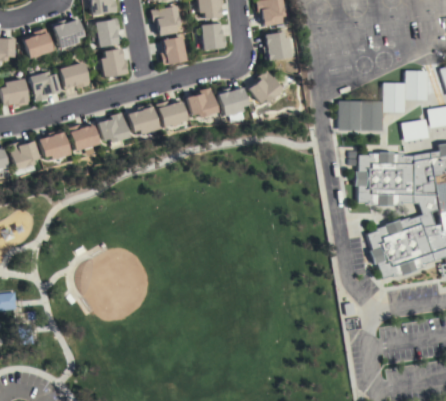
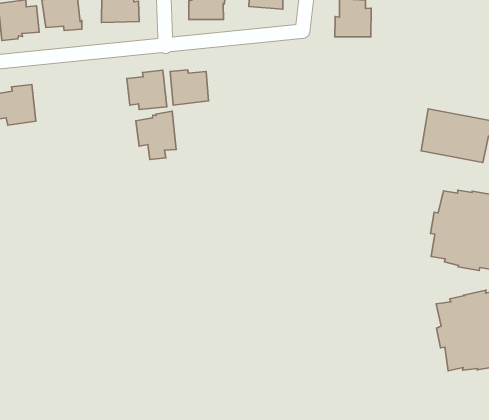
building: [250,70,284,103] -> none
building: [187,87,218,117] -> none
building: [218,88,249,117] -> none
building: [98,112,129,148] -> [136,111,176,159]
building: [68,124,99,151] -> none

